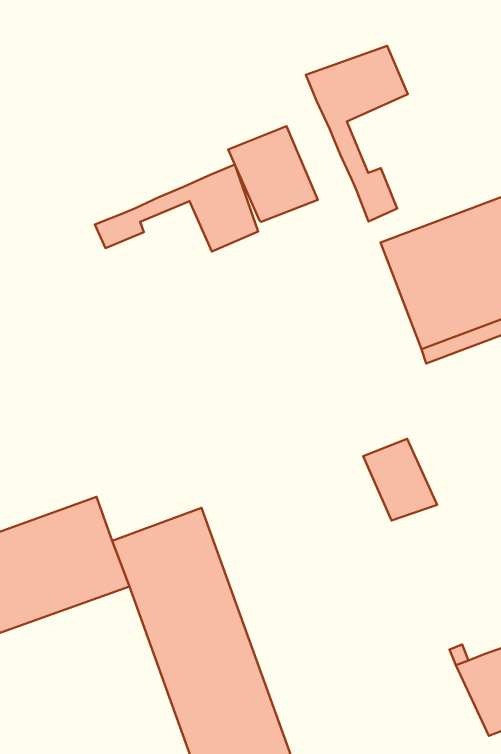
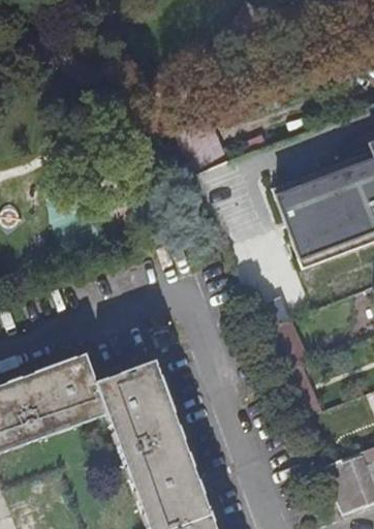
building: [306,46,408,221] -> none
building: [95,164,258,251] -> none

